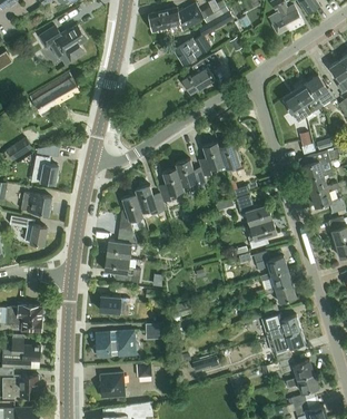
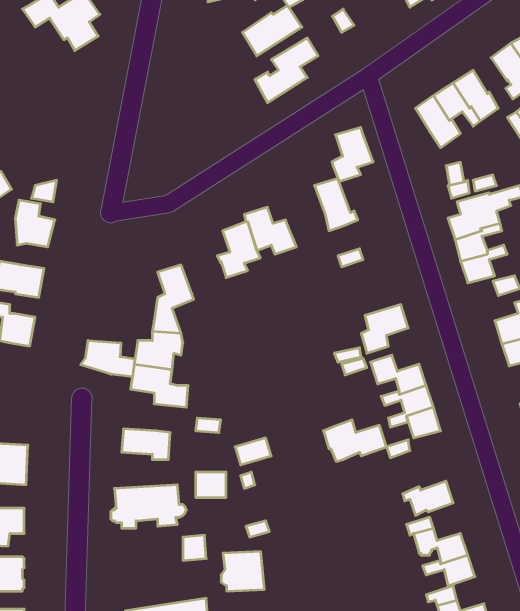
building: [31,74,80,118] -> none
building: [200,143,226,176] -> [332,127,373,182]
building: [136,186,167,214] -> none
building: [237,195,272,226] -> none
building: none -> [81,340,135,377]
building: [261,312,300,338] -> [323,420,387,461]
building: [99,373,126,398] -> [221,552,264,591]

